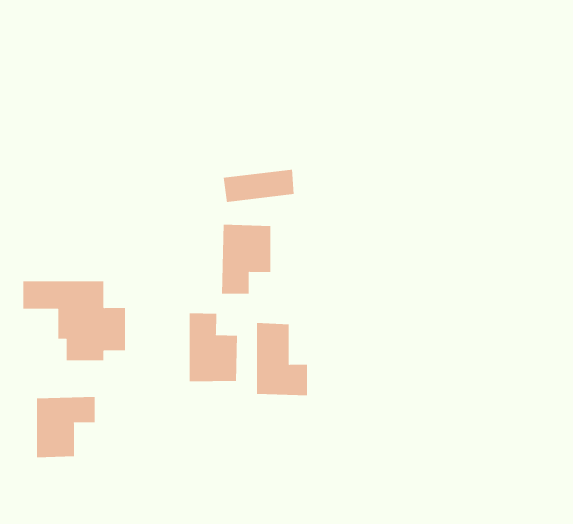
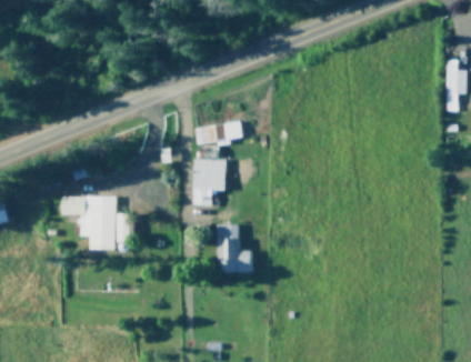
building: [189,312,237,382] -> none
building: [36,396,95,458] -> none

